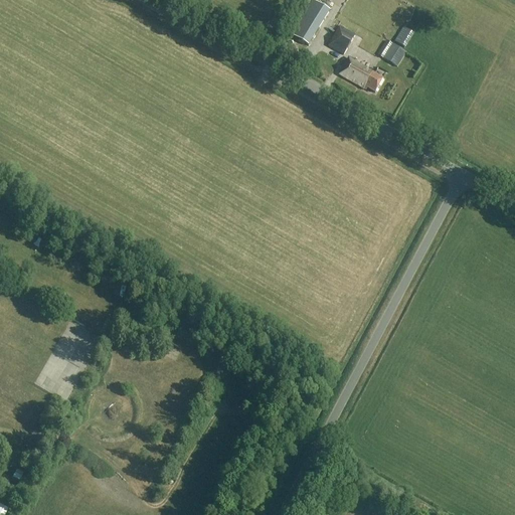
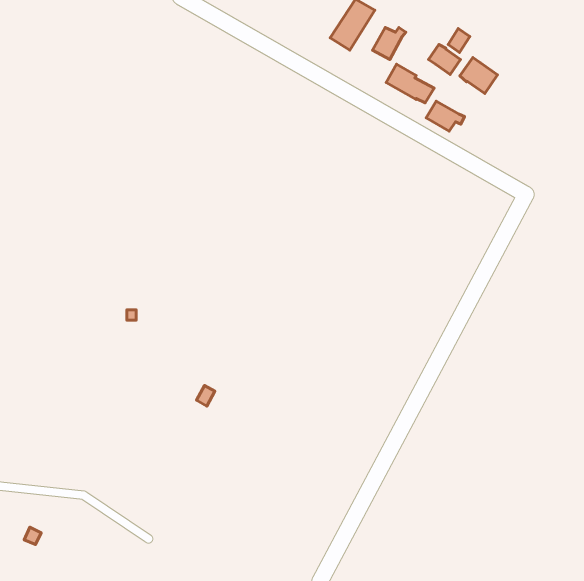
building: none -> [460,57,498,93]
building: none -> [426,101,464,131]

